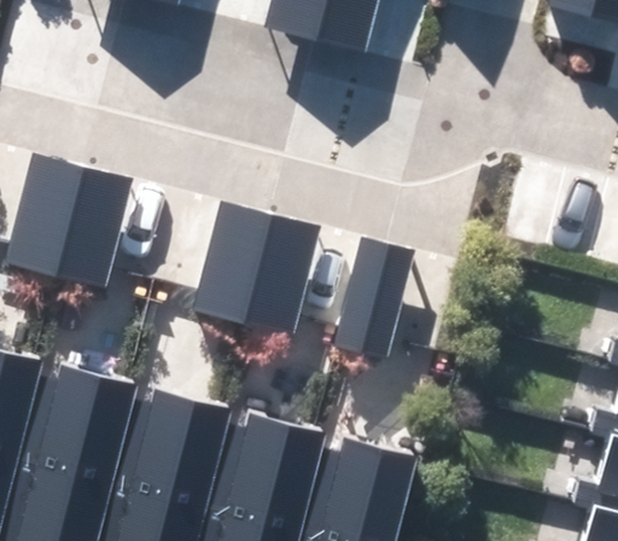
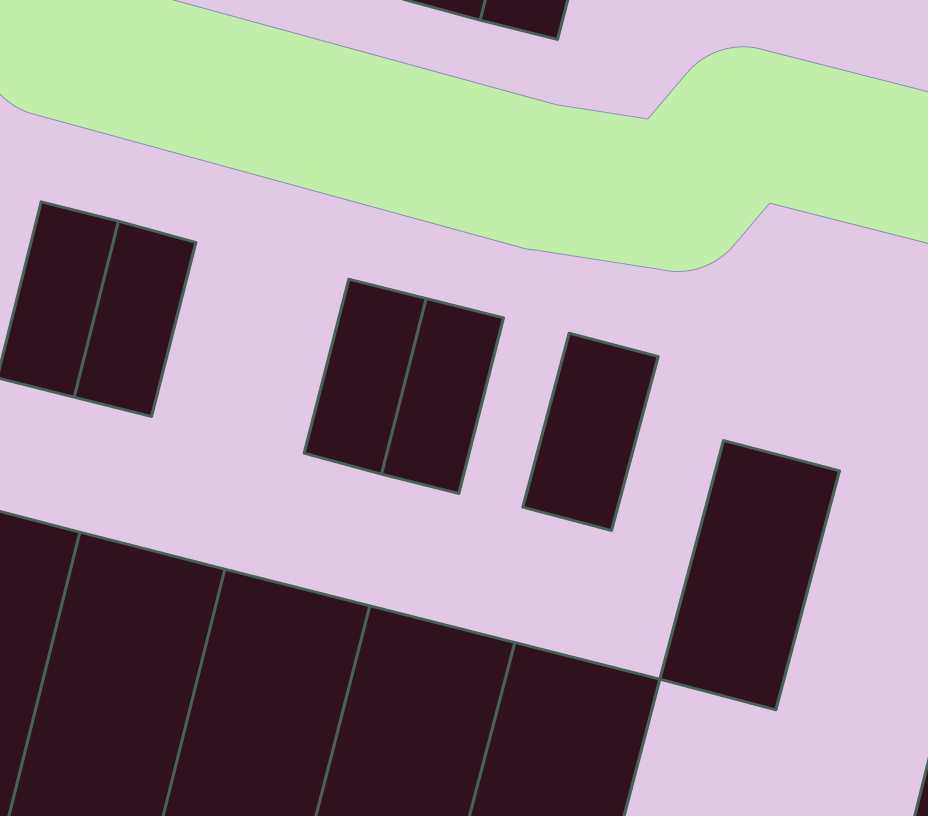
building: none -> [660,440,840,710]

